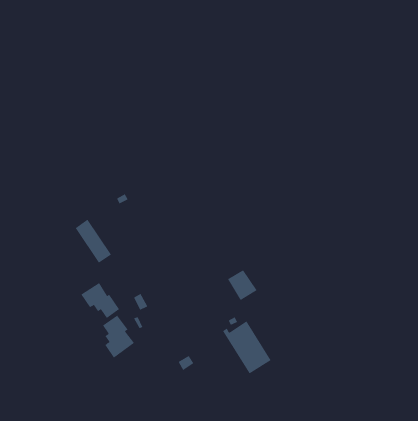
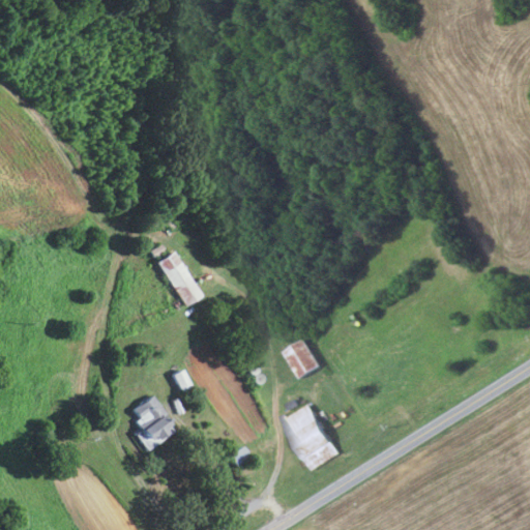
building: [75,219,112,263] -> [154,251,201,306]
building: [80,282,120,319] -> none

